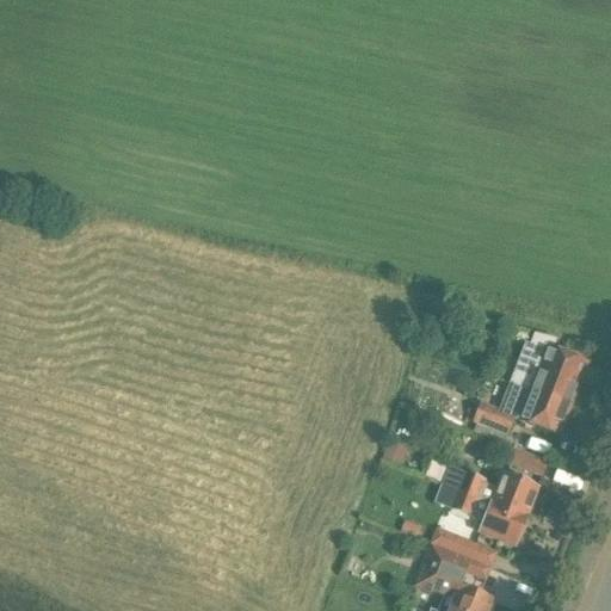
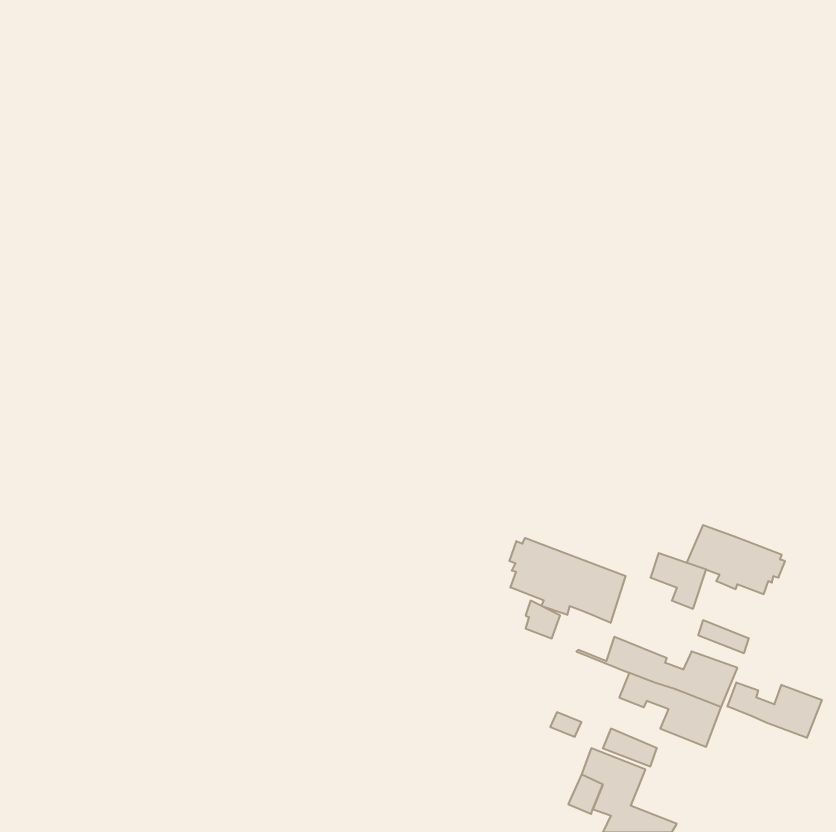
building: [513,334,587,403] -> none
building: none -> [509,538,626,623]
building: none -> [727,682,822,738]

